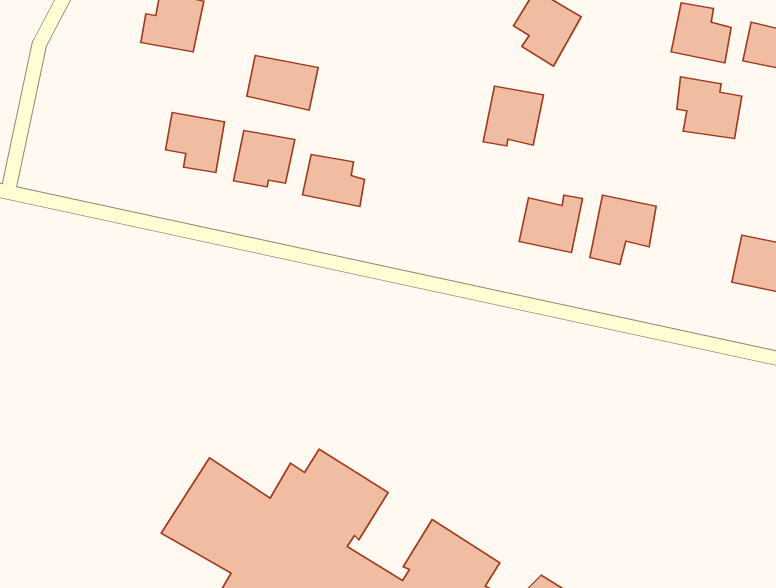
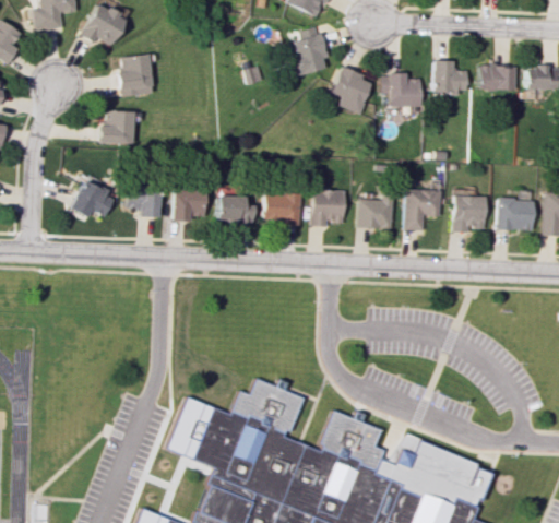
building: [247,55,318,110] -> none
building: [677,77,742,138] -> [382,73,423,107]
building: [483,86,544,146] -> [313,190,346,226]
building: none -> [71,180,115,217]
building: none -> [265,193,302,225]
building: none -> [453,195,487,233]

